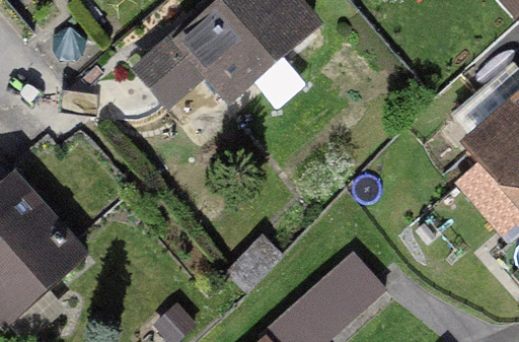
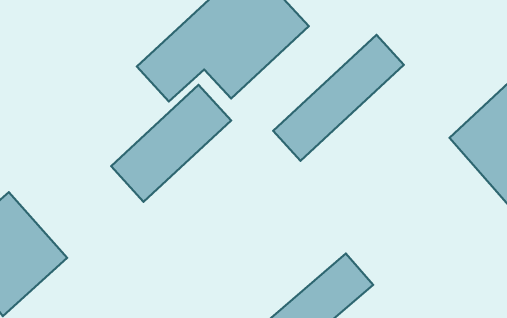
building: none -> [273,35,404,161]
building: none -> [111,85,231,202]

